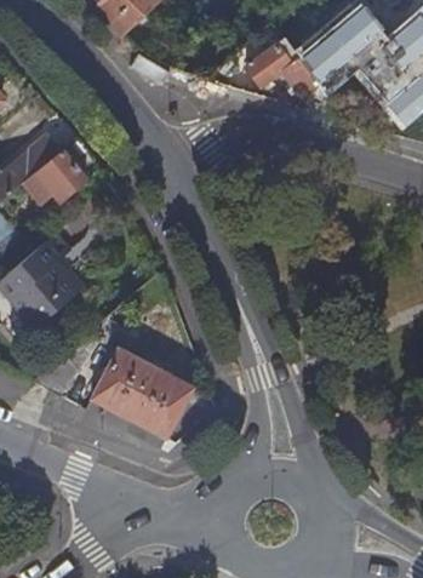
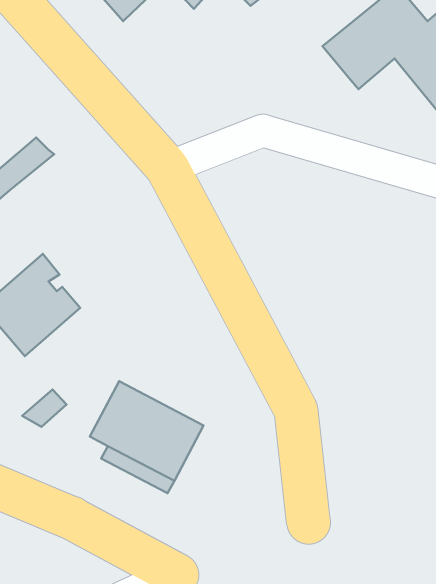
building: [246,36,320,93] -> none
building: [23,149,87,198] -> none

